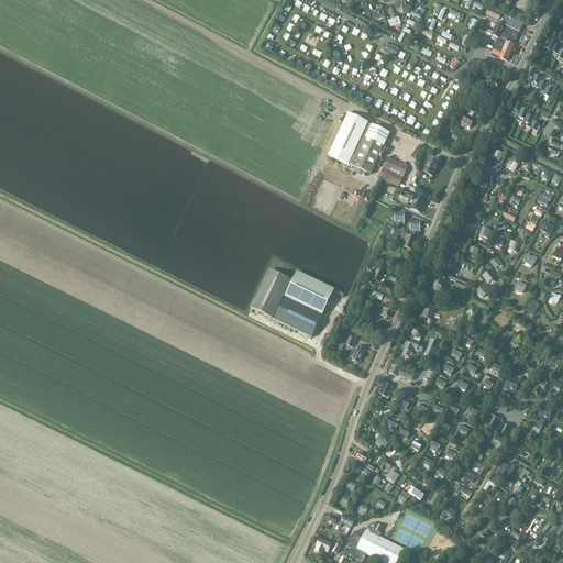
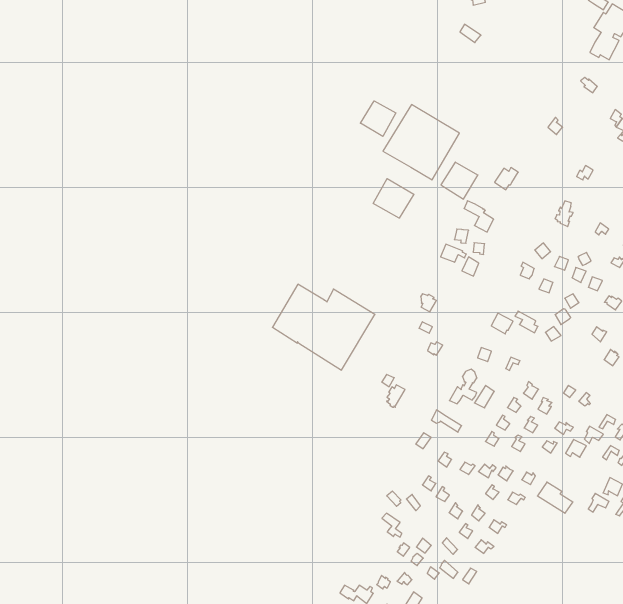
building: none -> [360,101,396,136]
building: none -> [373,179,414,218]

